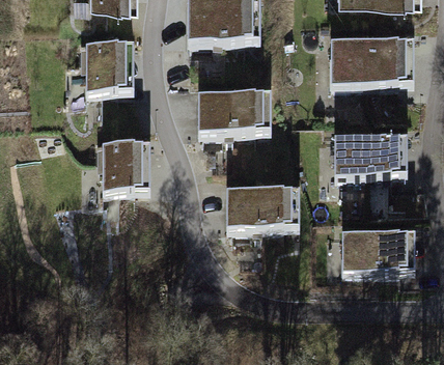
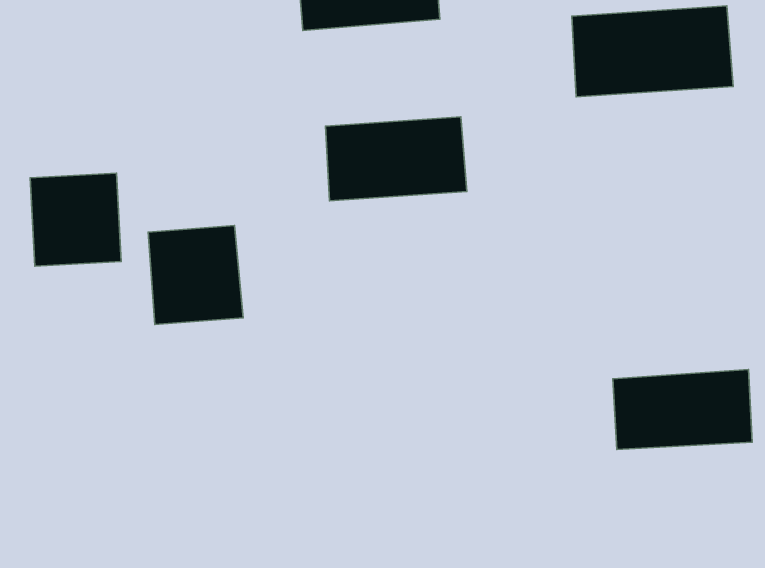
building: [85,46,131,92] -> [30,173,121,266]
building: [334,139,406,177] -> none
building: [226,191,298,230] -> none

